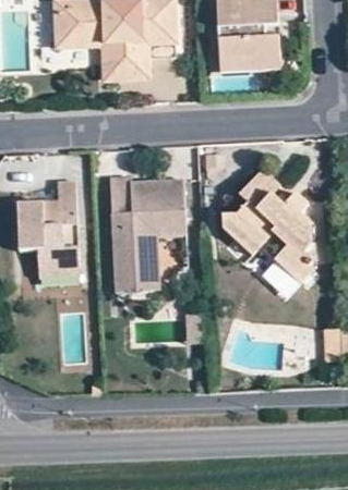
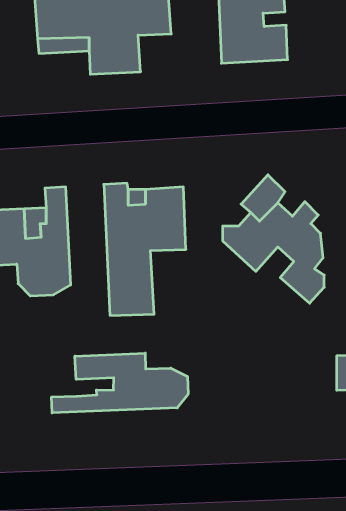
building: none -> [52,353,188,413]

